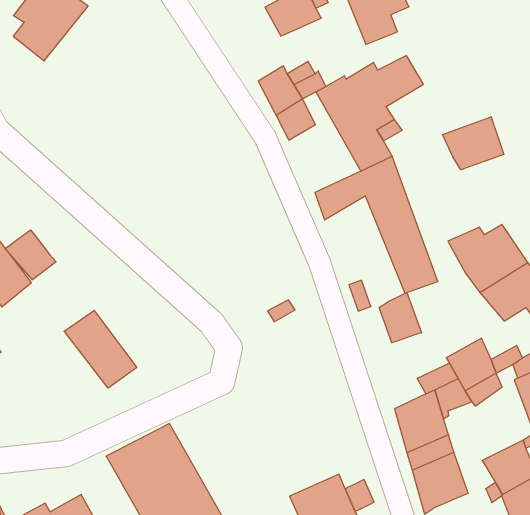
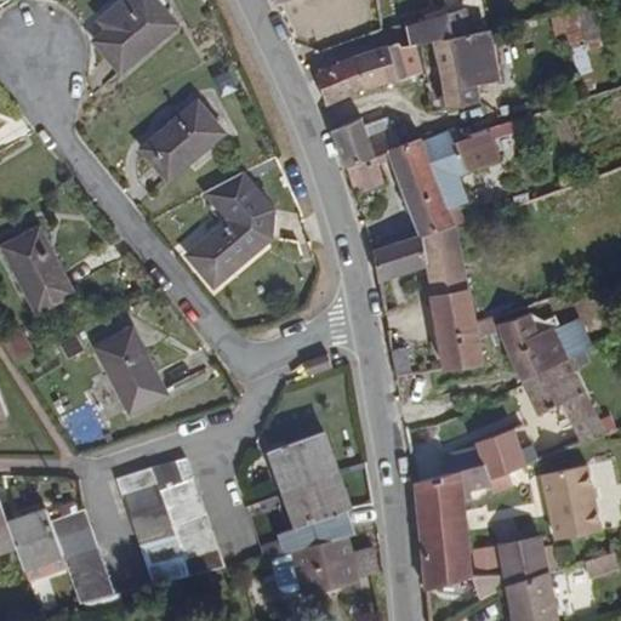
building: none -> [317,56,364,106]
building: none -> [142,102,222,177]
building: [442,117,504,170] -> none
building: none -> [187,172,270,283]
building: [5,230,56,280] -> none
building: [379,293,422,343] -> none
building: none -> [268,434,354,551]

